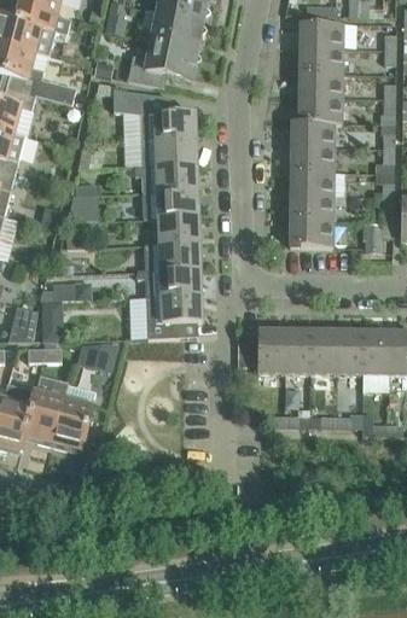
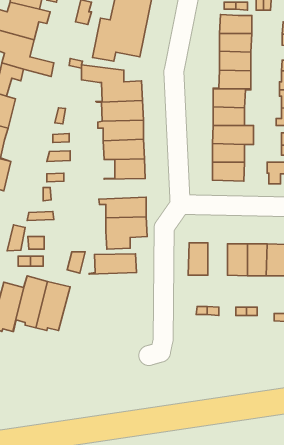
building: [136,243,200,270] -> [89,254,137,274]
building: [284,330,310,373] -> none

